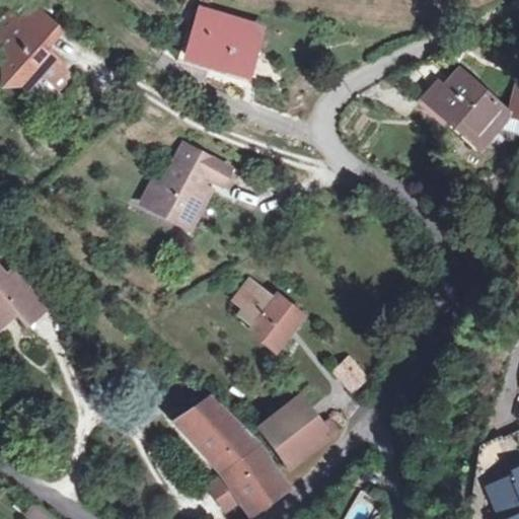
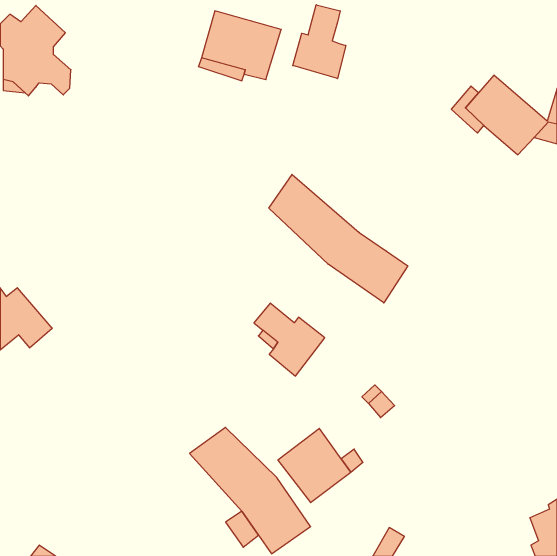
building: none -> [293,5,346,79]
building: [144,145,229,226] -> none
building: none -> [269,174,408,303]

